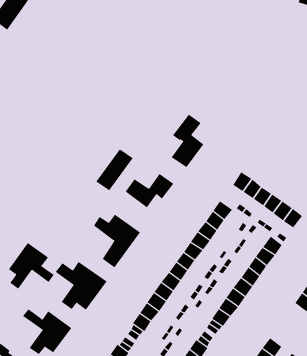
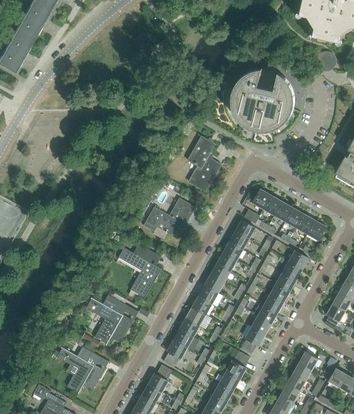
building: none -> [231,69,294,131]
building: [95,148,134,191] -> none
building: [8,242,54,290] -> none

